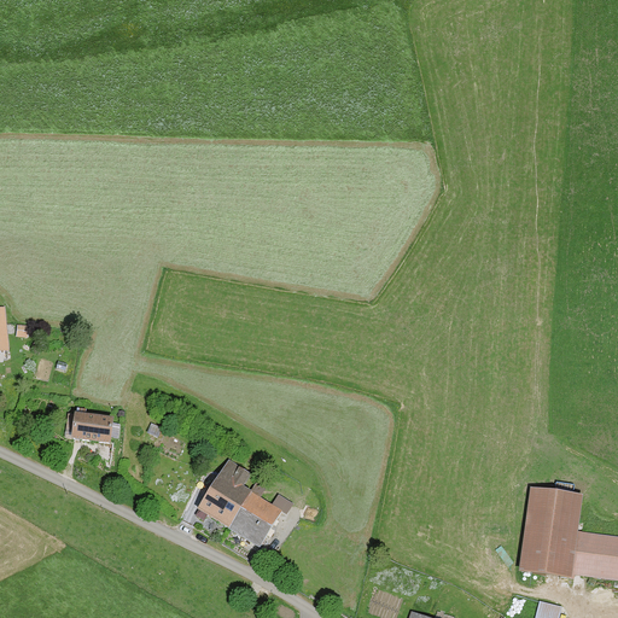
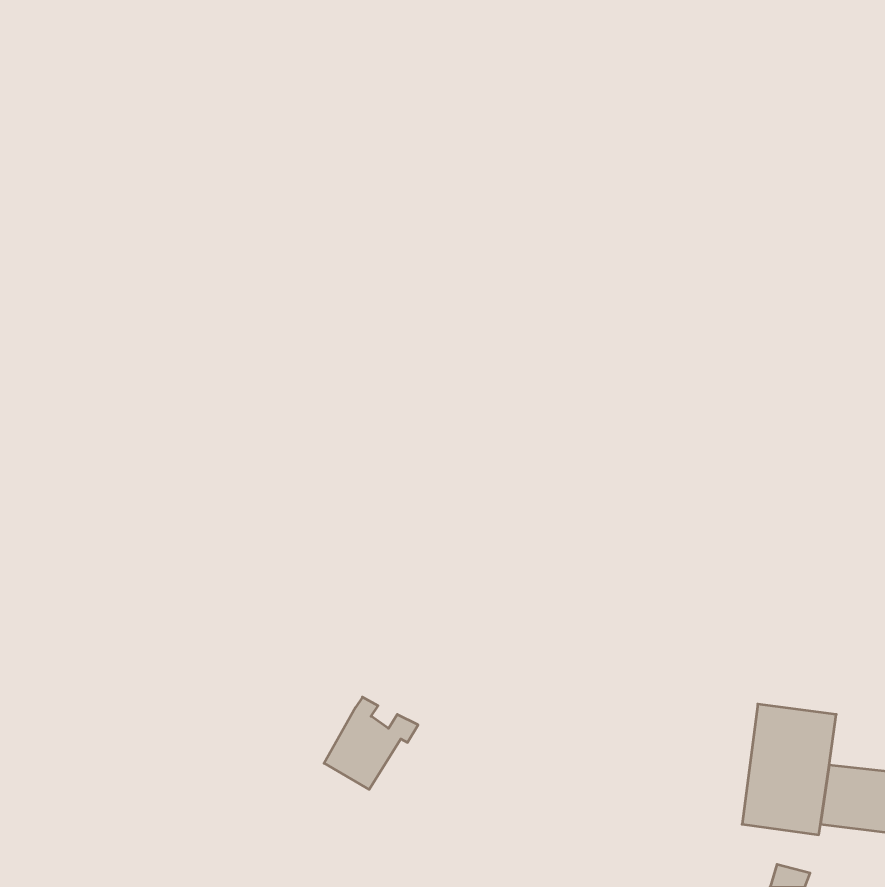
building: [71,410,113,443] -> none
building: [199,460,250,529] -> none

